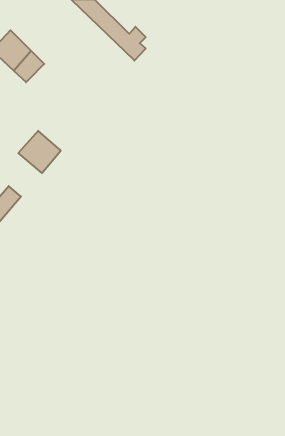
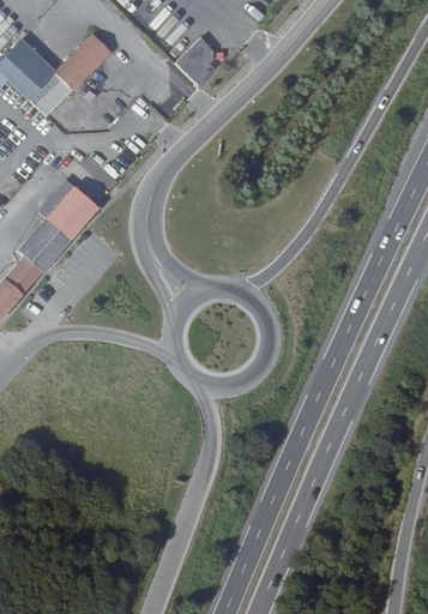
building: none -> [49,28,115,91]
building: none -> [16,222,68,275]

